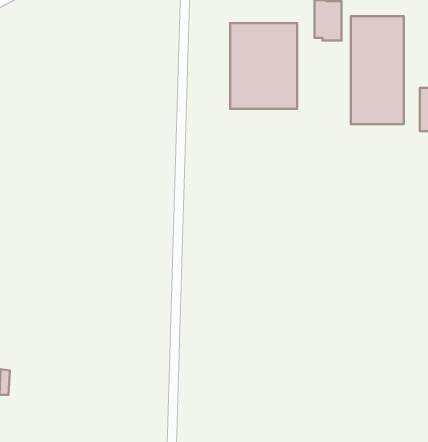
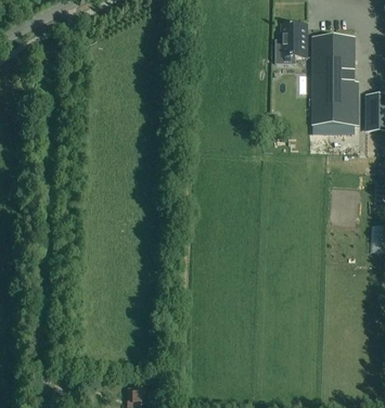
building: [230,23,297,109] -> none

